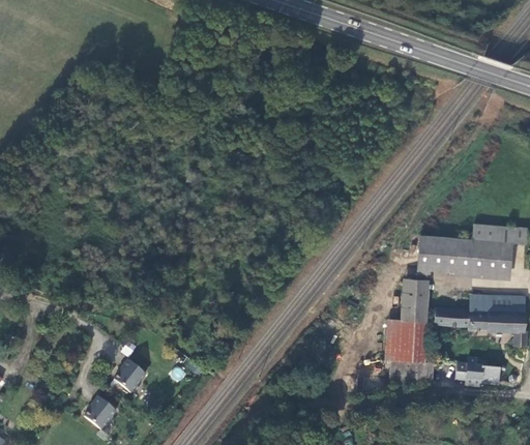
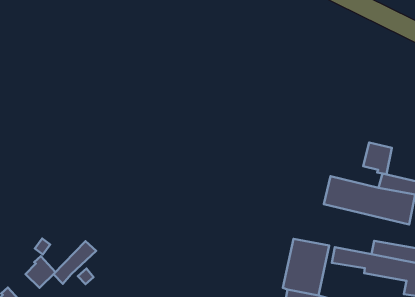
building: none -> [363,143,392,174]
building: [390,276,431,307] -> none
building: none -> [53,241,96,284]

